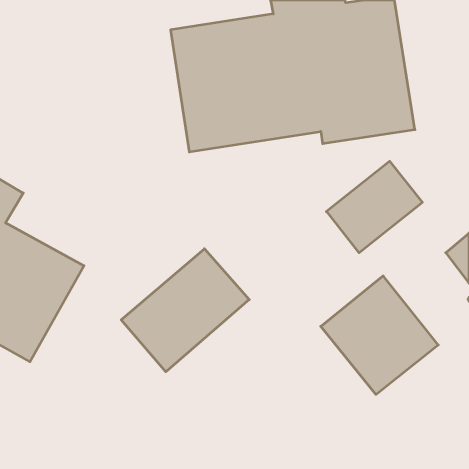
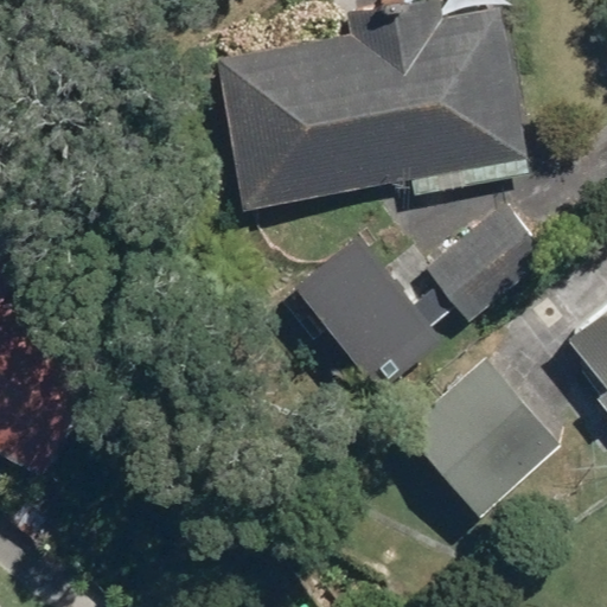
building: none -> [286,249,432,400]
building: [121,249,249,372] -> none

